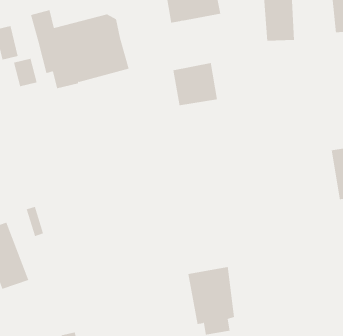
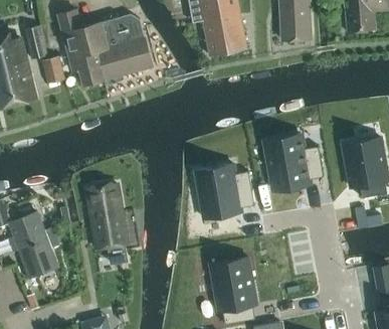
building: [172,63,218,106] -> [203,14,246,55]
building: none -> [265,136,312,193]
building: none -> [200,171,246,225]
building: none -> [86,185,127,250]

